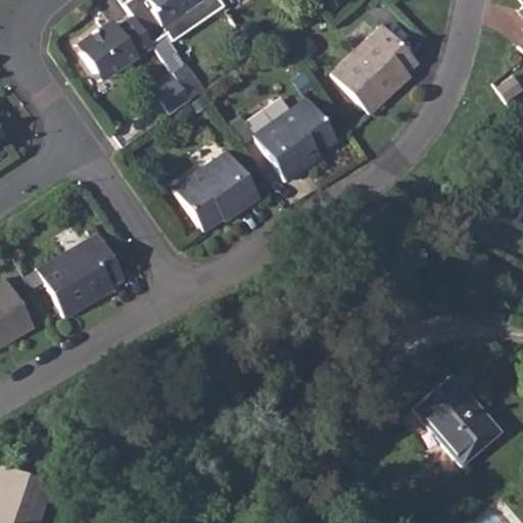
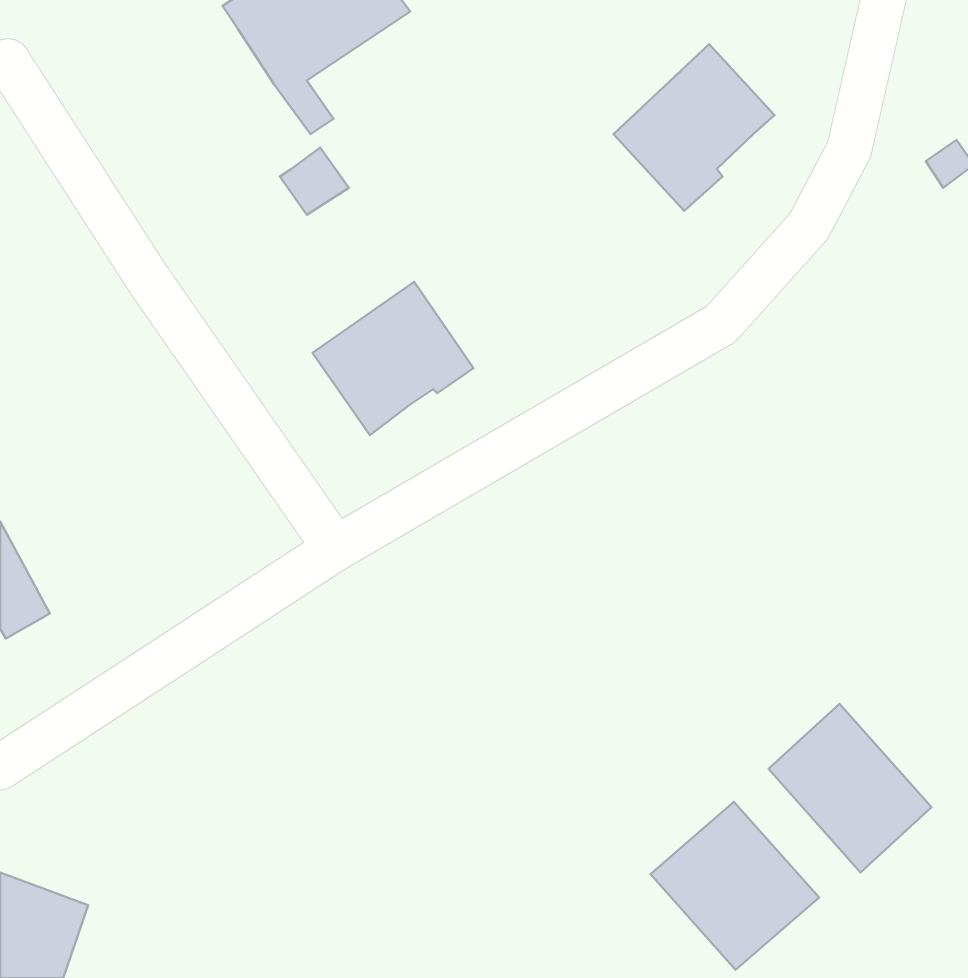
building: [81,15,152,76] -> none
building: [253,98,337,181] -> none
building: [37,233,124,317] -> none
building: none -> [651,802,819,970]

